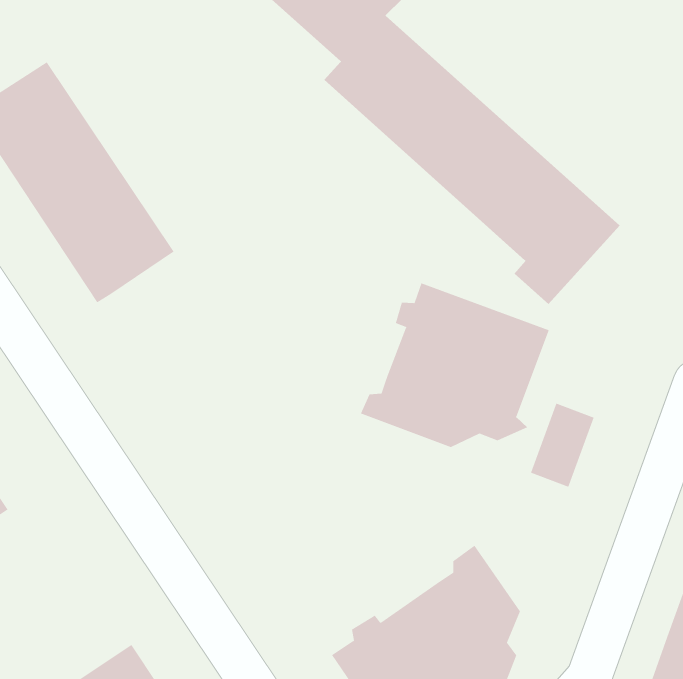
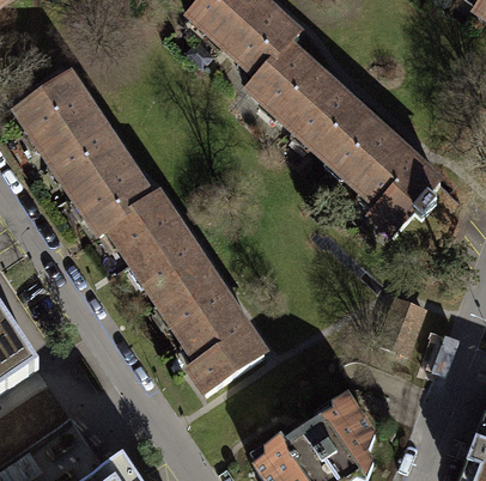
building: none -> [110,194,263,391]
building: [360,283,549,448] -> none

